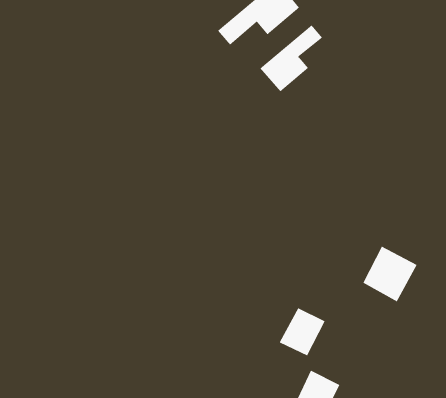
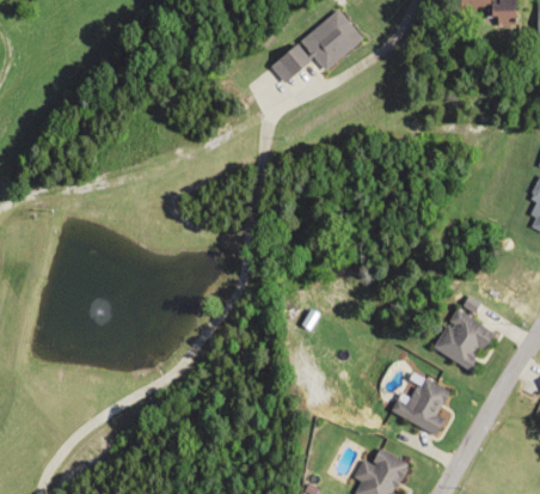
building: [260,24,323,92] -> none
building: [279,307,325,356] -> [400,377,453,432]

